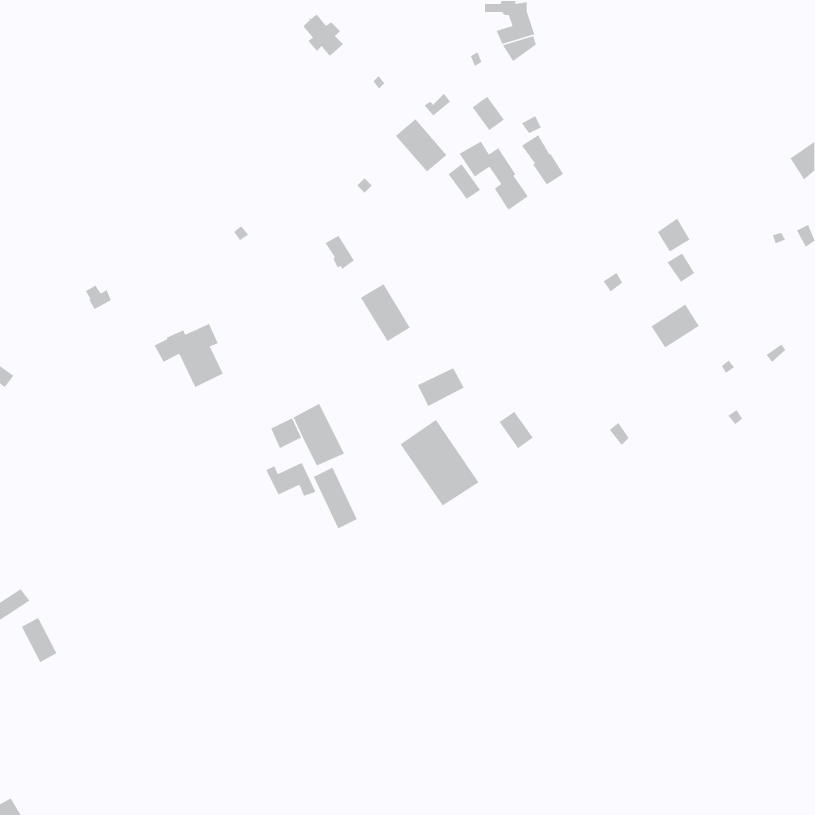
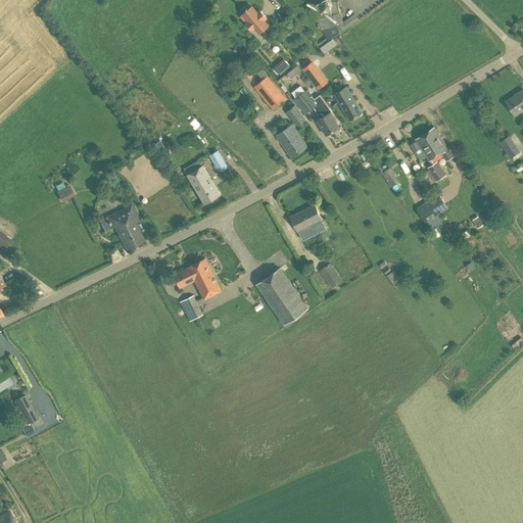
building: [302,14,344,57] -> [241,7,268,35]
building: none -> [275,126,307,159]
building: none -> [409,128,453,161]
building: [360,283,411,342] -> [186,167,219,204]
building: [417,367,465,407] -> [290,206,321,232]
building: [313,466,358,529] -> none

